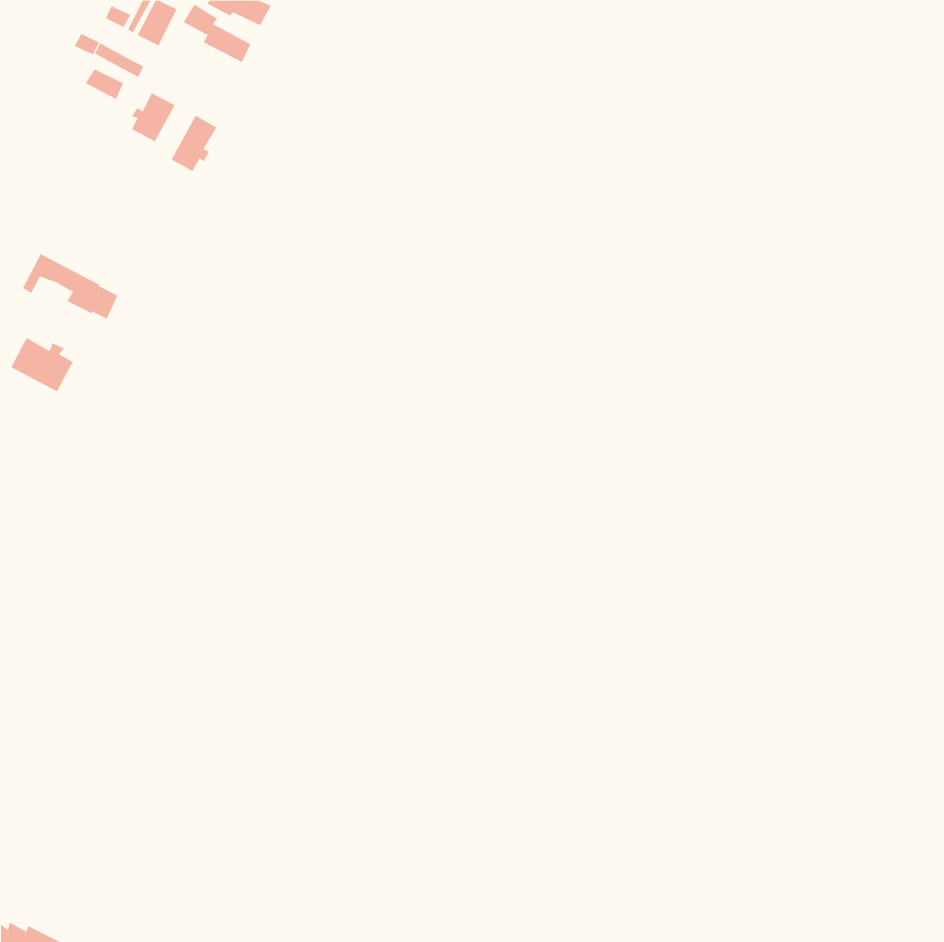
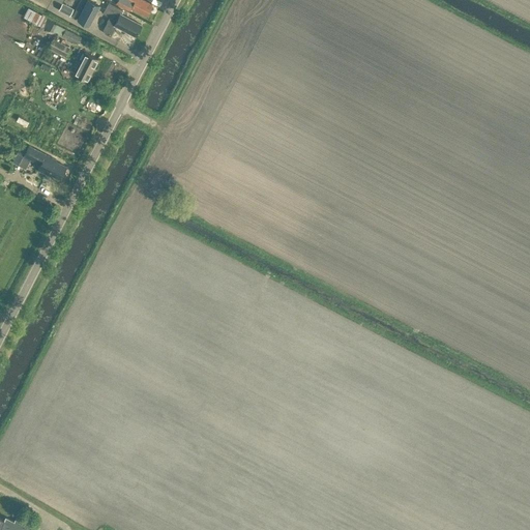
building: [171,115,217,172] -> none
building: [10,337,74,392] -> none

